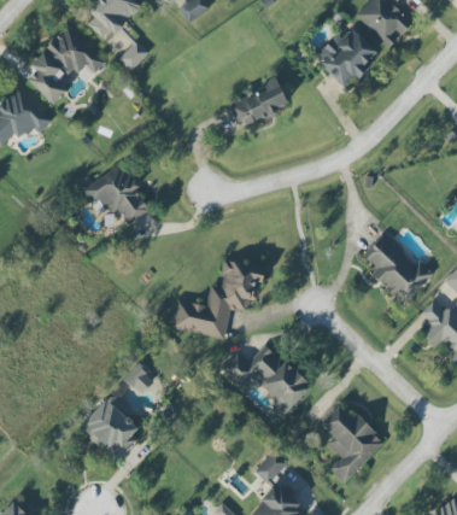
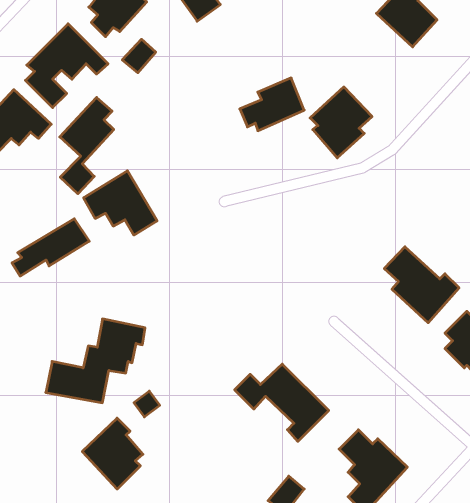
building: [318,24,376,90] -> [310,87,372,158]
building: none -> [60,97,114,194]
building: none -> [12,219,89,276]
building: [171,259,264,338] -> [46,319,145,403]

